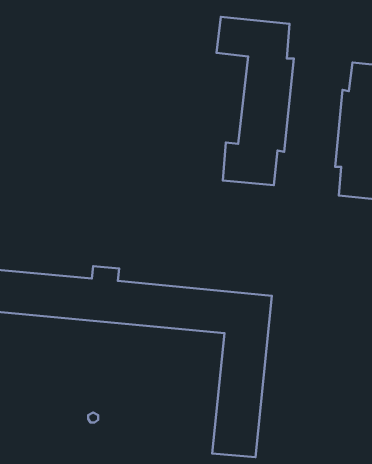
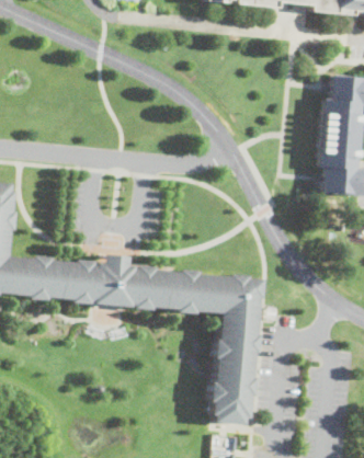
building: [217,17,294,185] -> none

